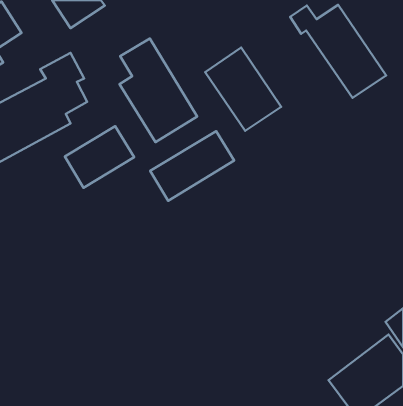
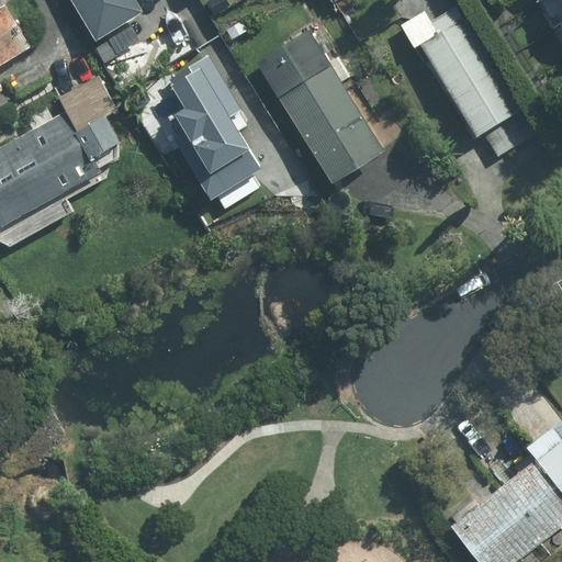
building: none -> [254,31,328,99]
building: [65,126,134,188] -> none
building: [150,131,234,201] -> none

